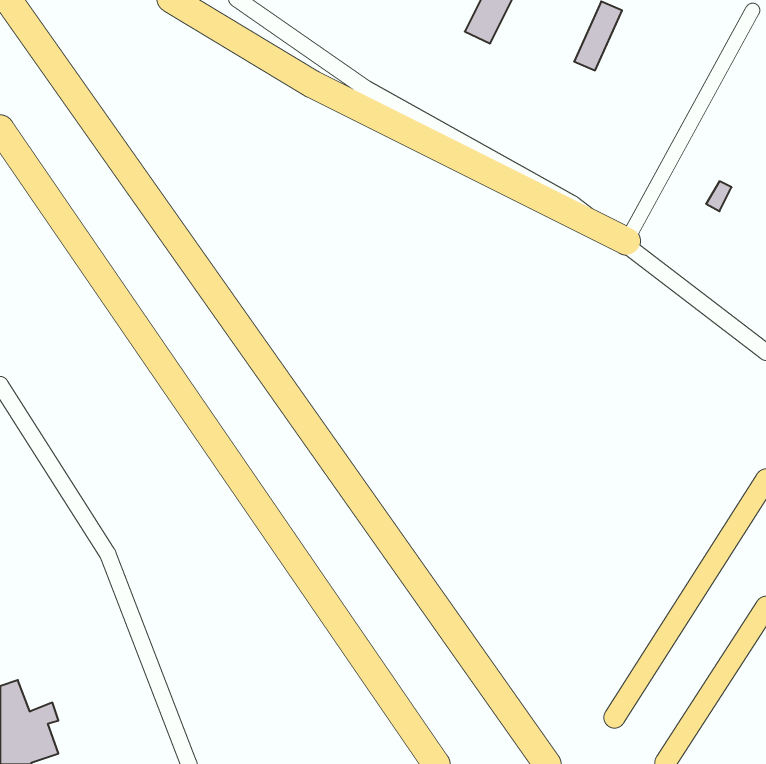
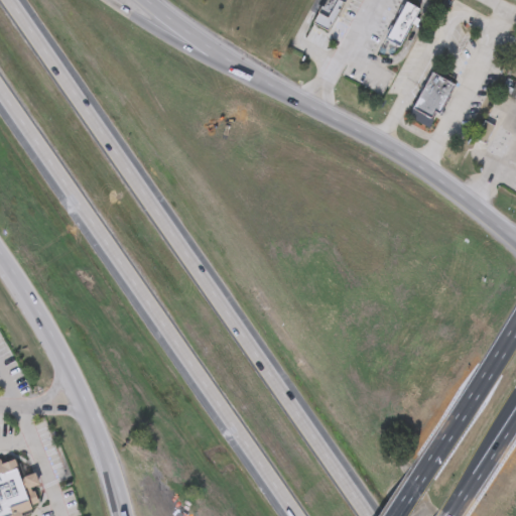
building: none -> [412,72,453,121]

